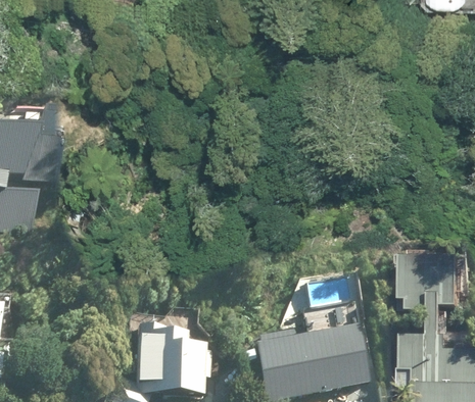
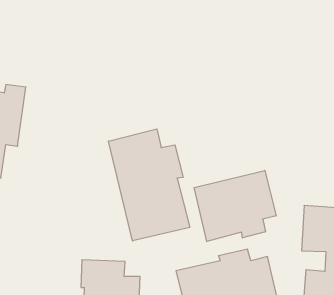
building: none -> [108,129,190,241]
building: none -> [194,170,276,242]

